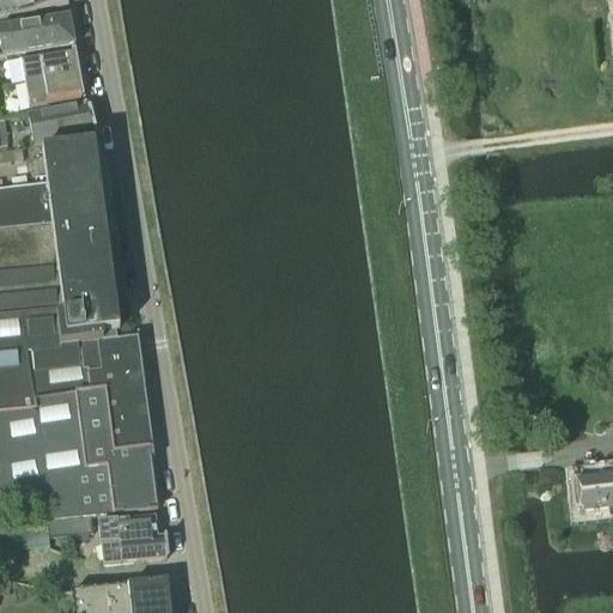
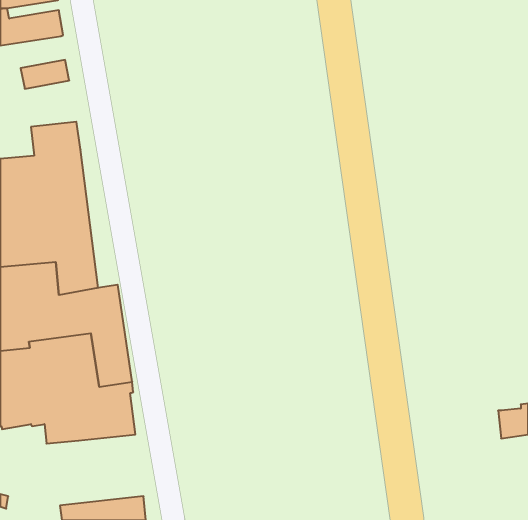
building: [20,45,75,79] -> none
building: [26,97,93,141] -> none
building: [48,511,93,534] -> none
building: [98,512,165,559] -> none

